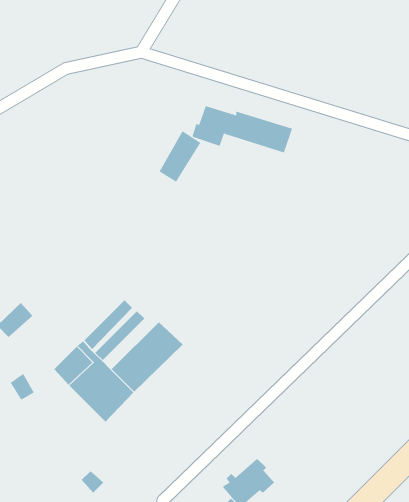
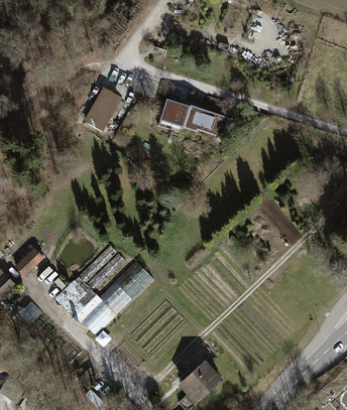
building: [159,131,201,183] -> [90,91,121,129]

